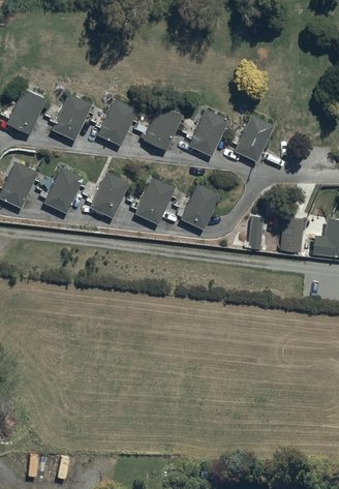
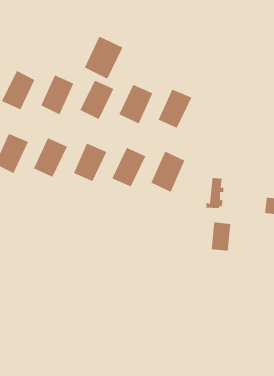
building: none -> [84,36,123,80]
building: [234,115,274,161] -> none
building: [280,218,304,252] -> [211,222,231,251]

